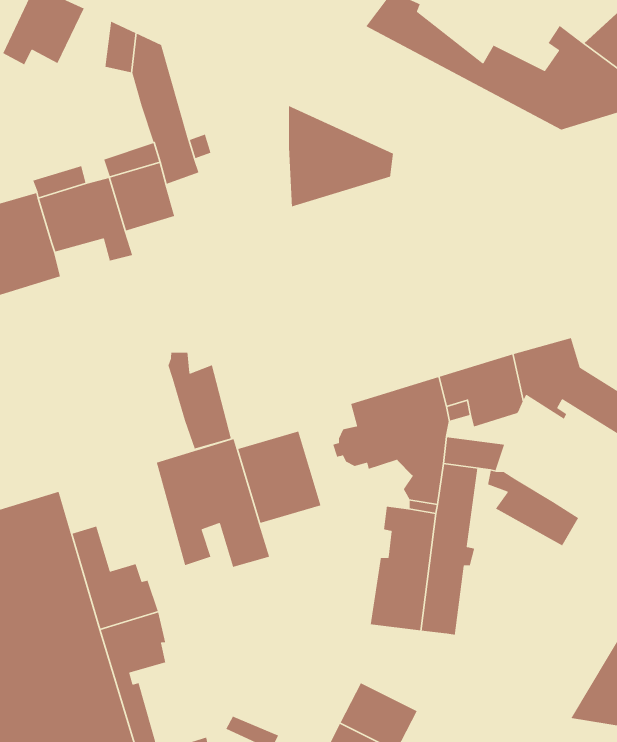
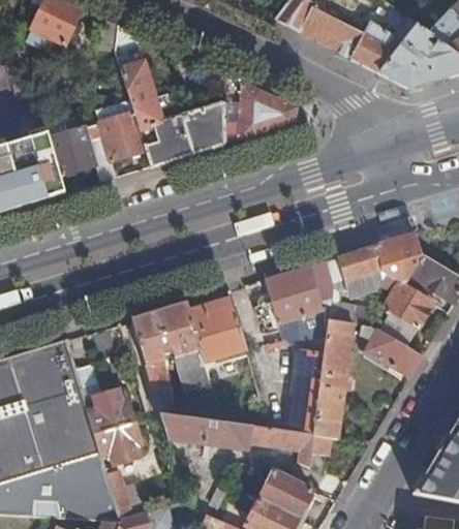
building: none -> [140,102,225,166]
building: [167,352,232,450] -> none
building: none -> [379,273,434,345]
building: none -> [159,413,332,466]

